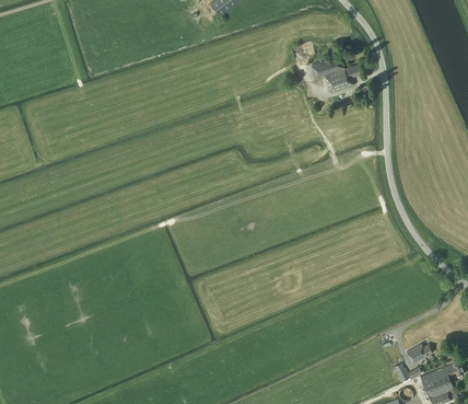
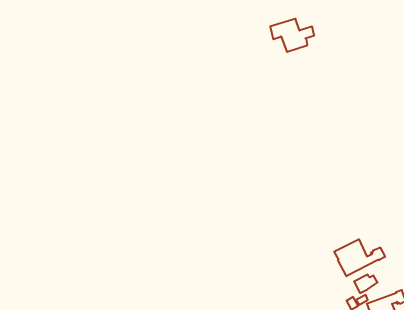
building: none -> [334,239,385,276]

